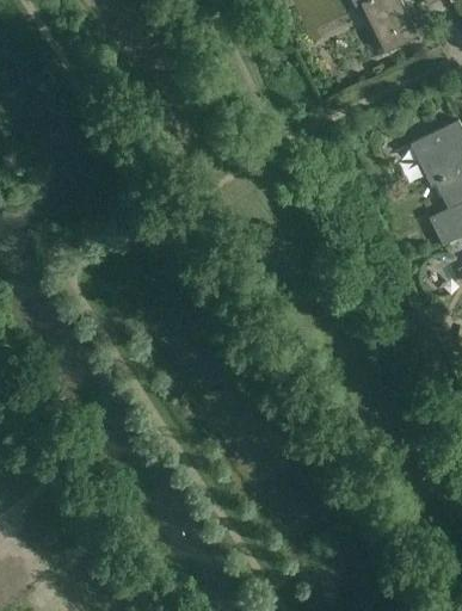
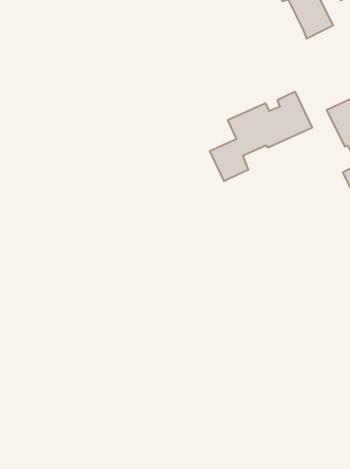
building: none -> [210,92,312,181]

